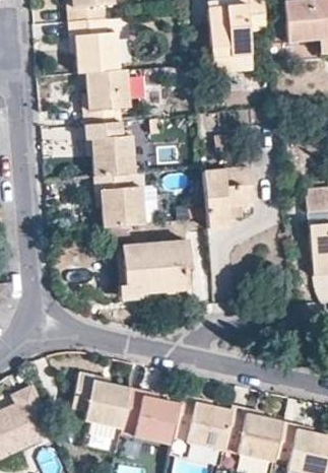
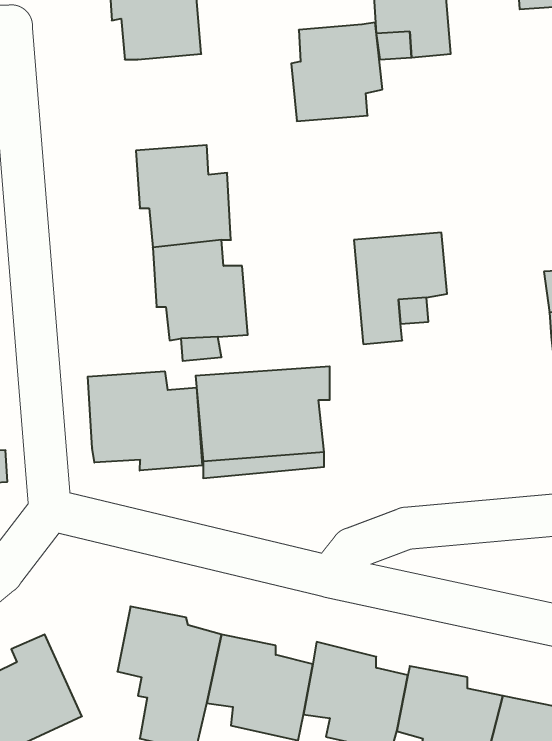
building: [80,69,130,123] -> [291,23,382,121]
building: none -> [88,371,202,471]

